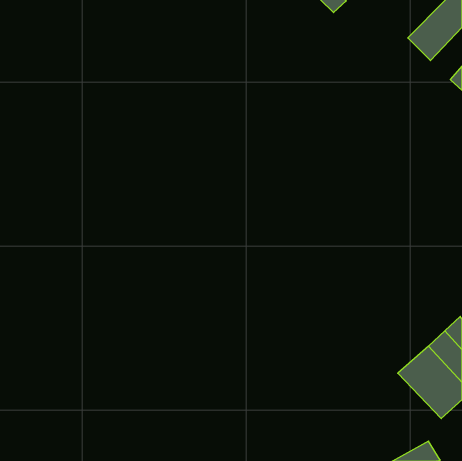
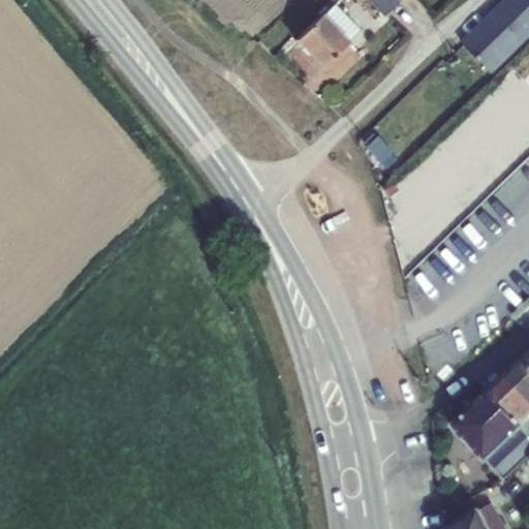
building: none -> [294,4,360,68]

